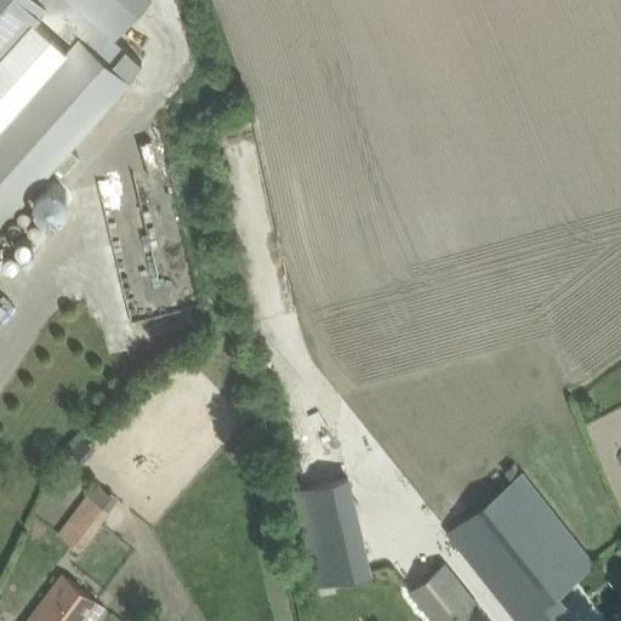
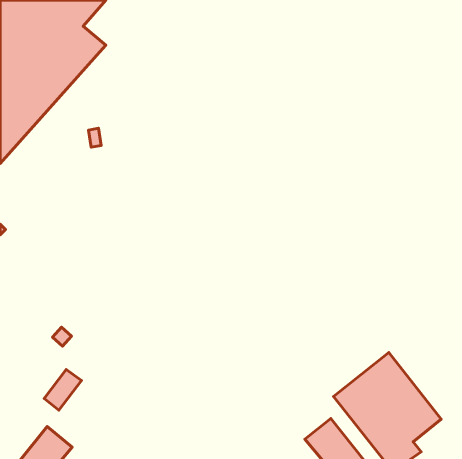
building: [295,479,371,587] -> none

